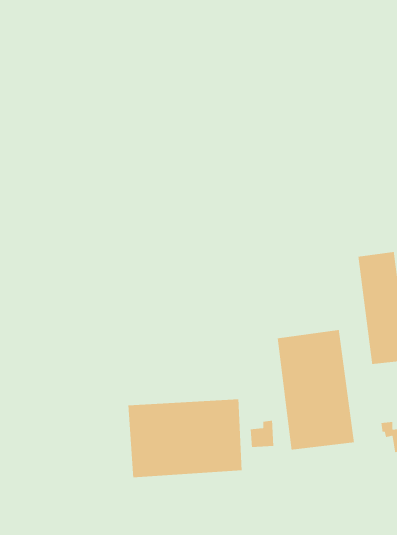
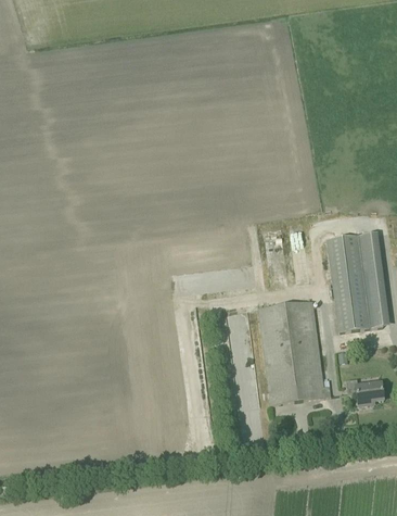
building: [128,399,243,478] -> none

